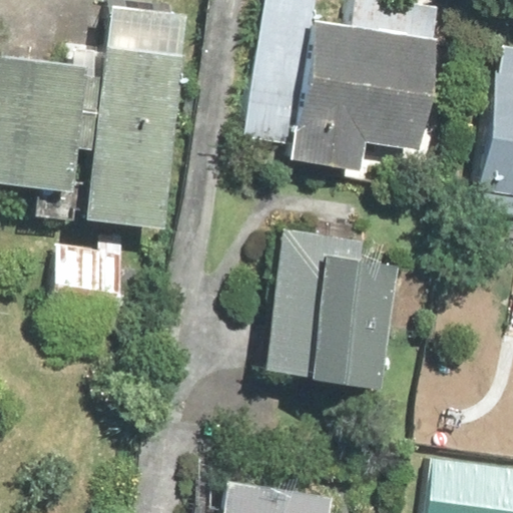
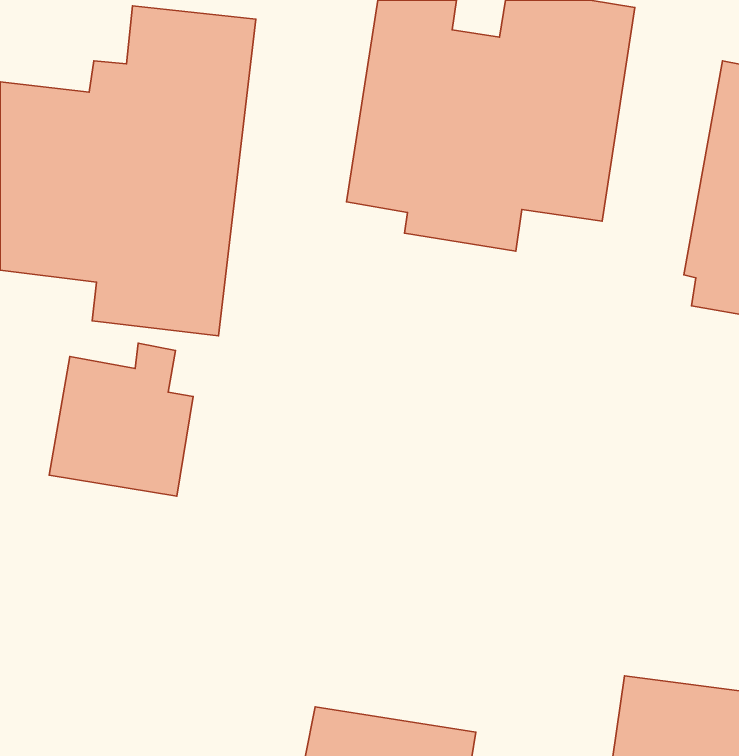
building: [261,228,405,389] -> none

